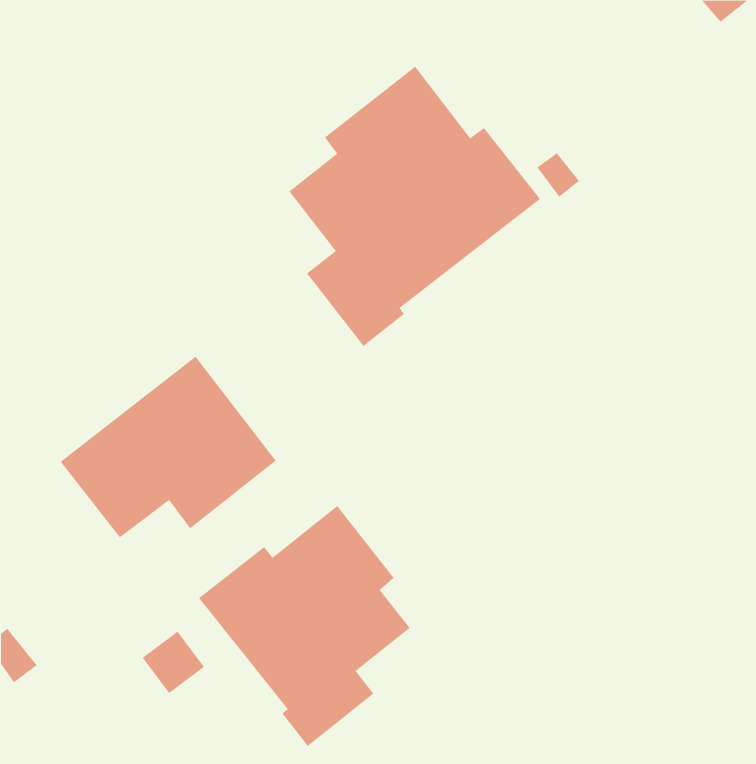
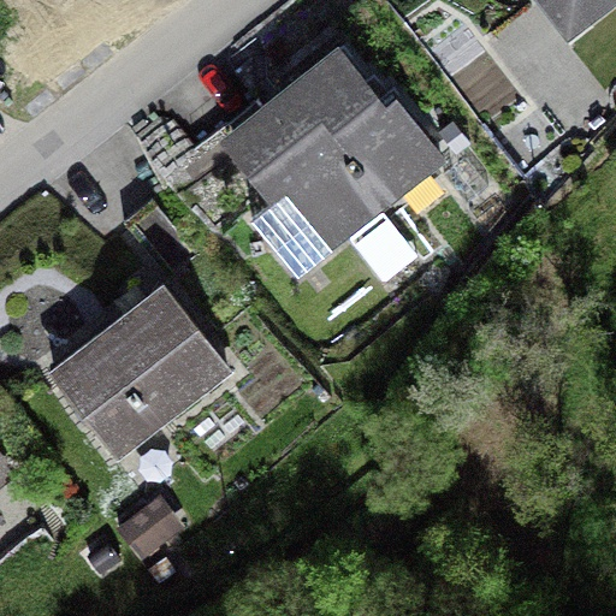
building: [198,505,411,747] -> none

